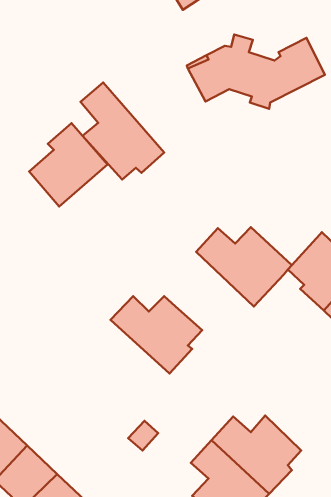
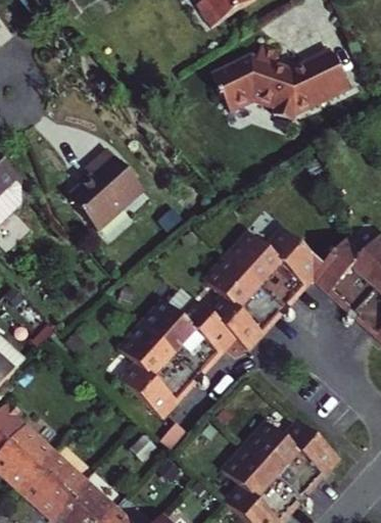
building: [80,83,164,180] -> none
building: none -> [203,264,282,351]
building: none -> [117,331,198,422]

